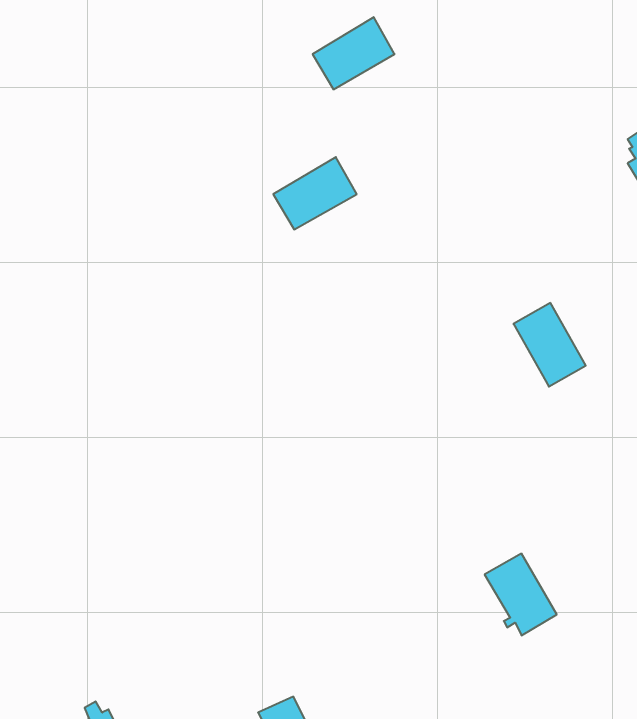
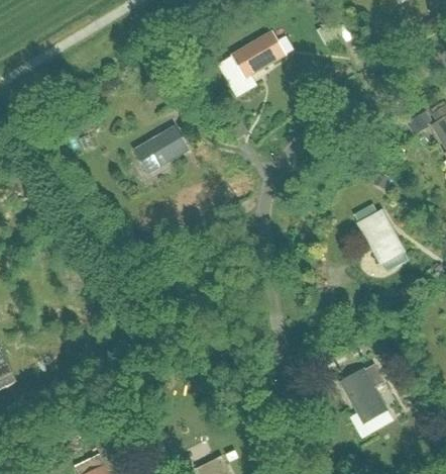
building: [273,157,357,229] -> [135,125,188,171]

